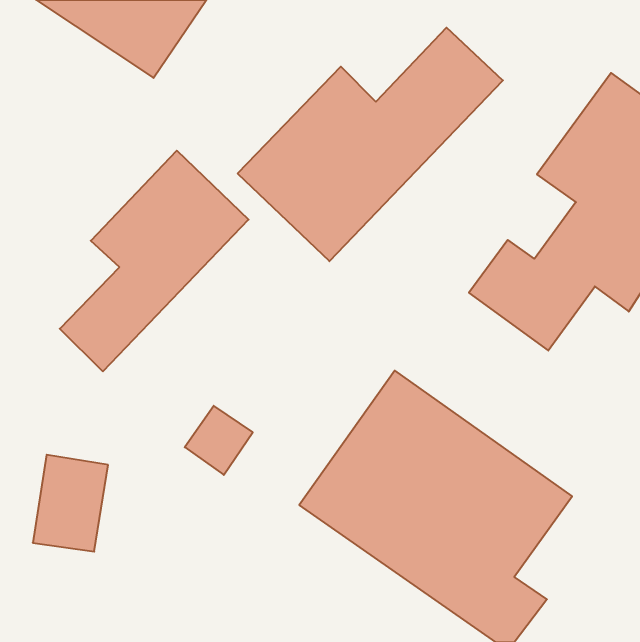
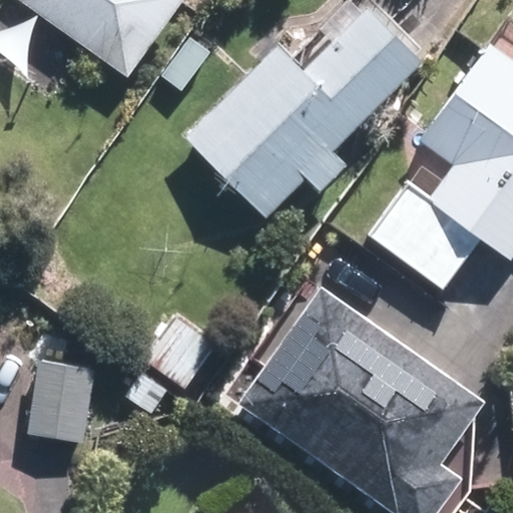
building: [60,151,249,371] -> none

